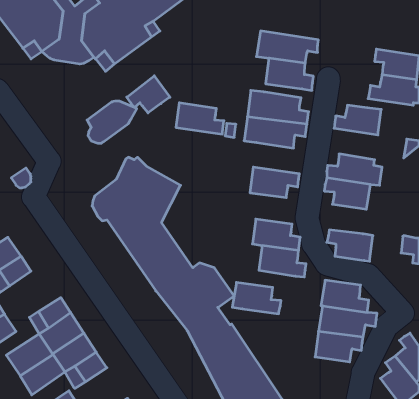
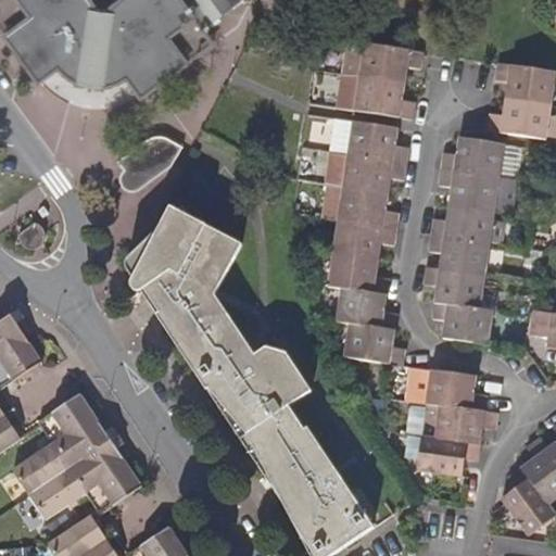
building: [127,76,170,113] -> none
building: [176,103,224,134] -> [334,188,397,229]
building: none -> [438,169,498,211]
building: none -> [424,267,483,308]
building: [232,282,281,314] -> [325,254,389,295]

